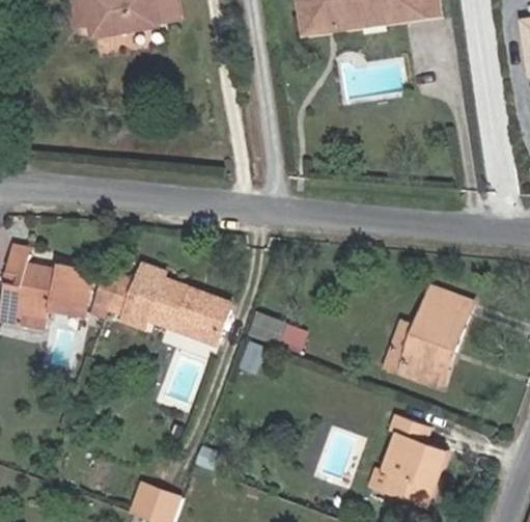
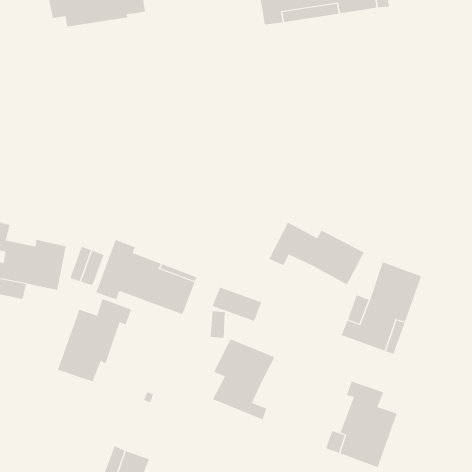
building: none -> [268,222,364,285]
building: none -> [57,298,132,382]
building: none -> [212,338,275,420]

